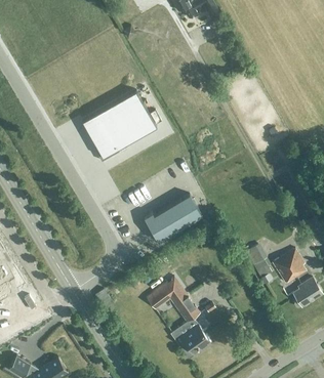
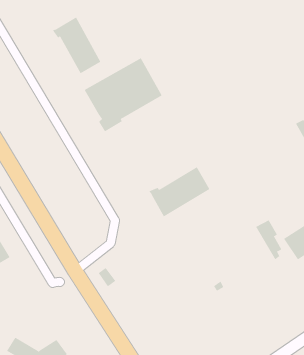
building: none -> [52,17,101,74]
building: [146,277,211,360] -> none

